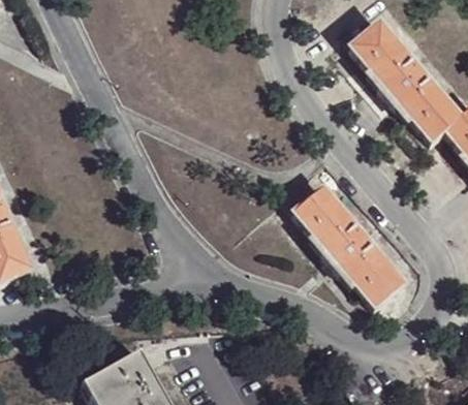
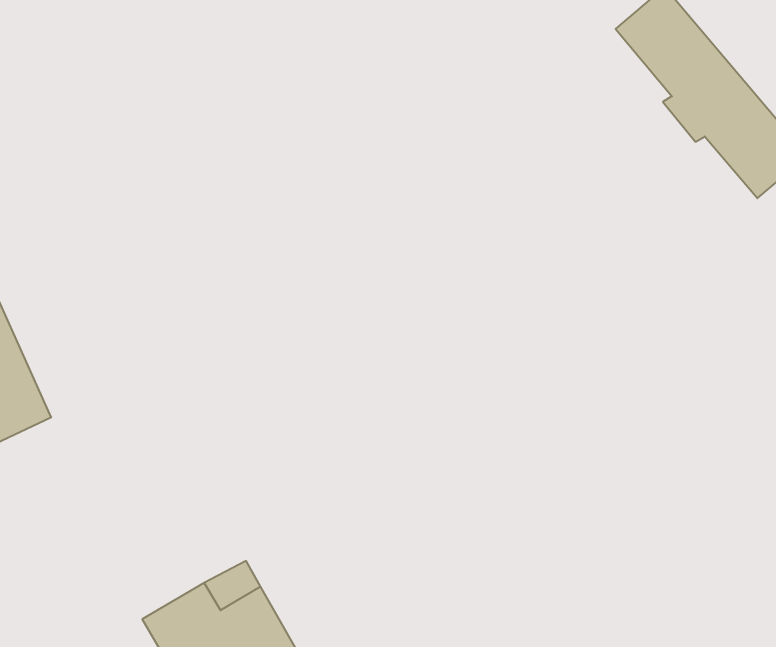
building: [295,188,406,308] -> none

